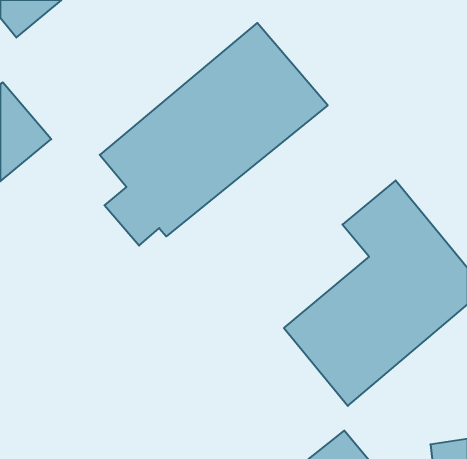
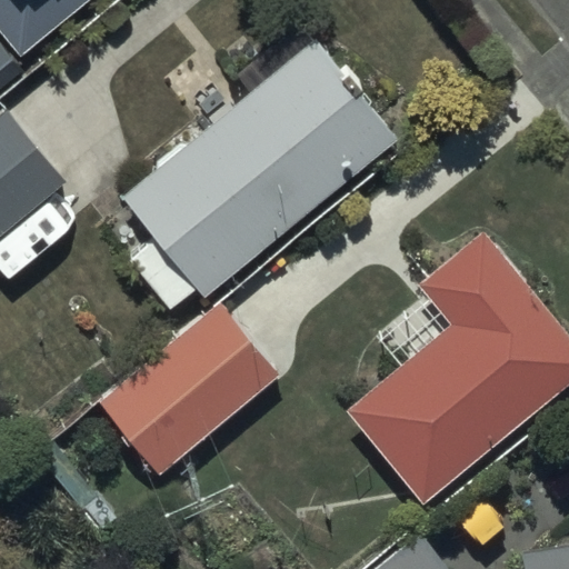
building: none -> [99,306,280,478]

